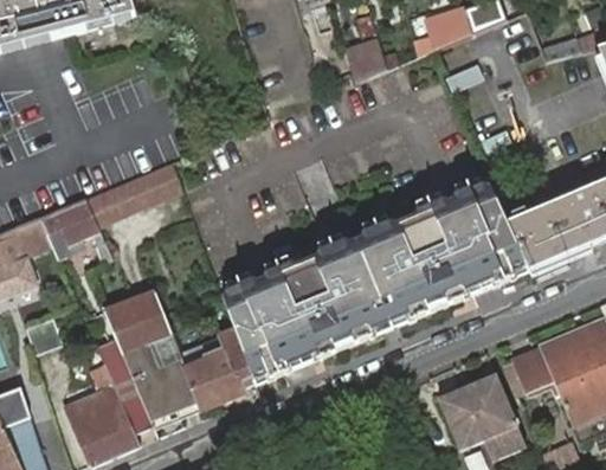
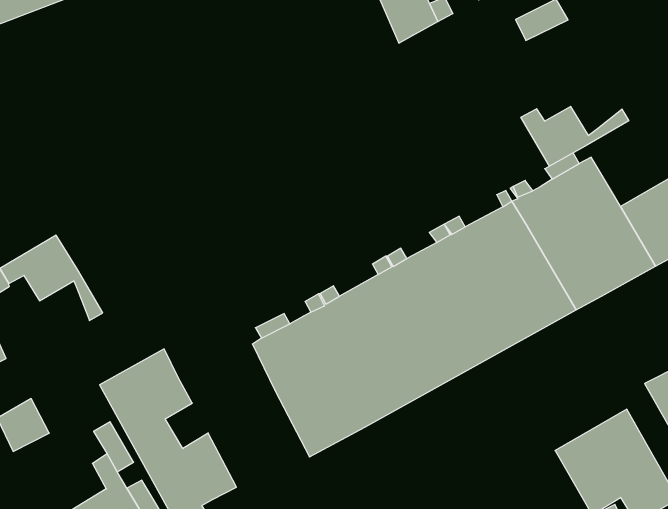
building: none -> [521,106,629,166]
building: [84,161,181,225] -> none
building: [179,331,256,410] -> none

